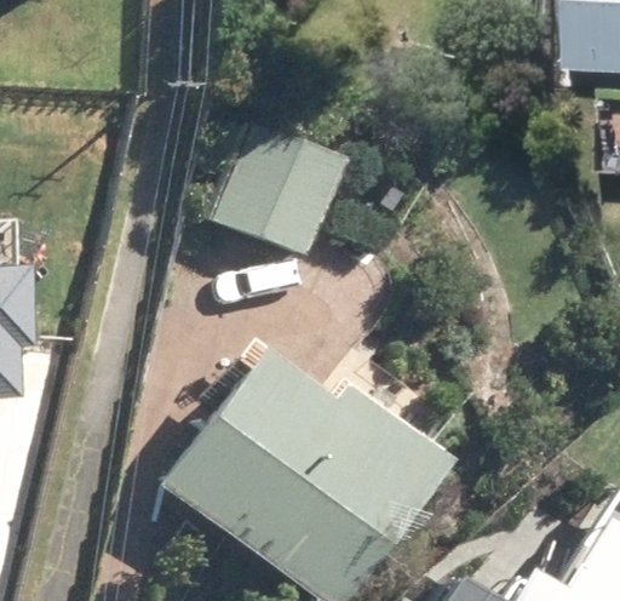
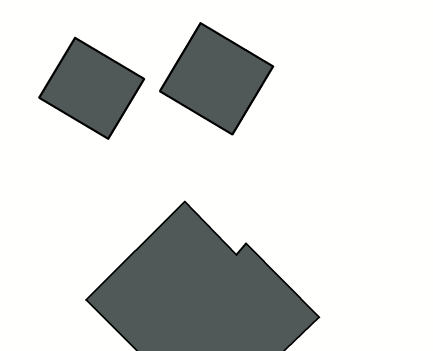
building: none -> [39,38,144,139]

